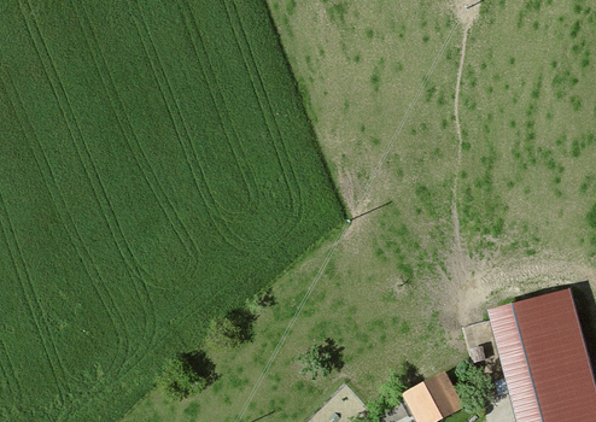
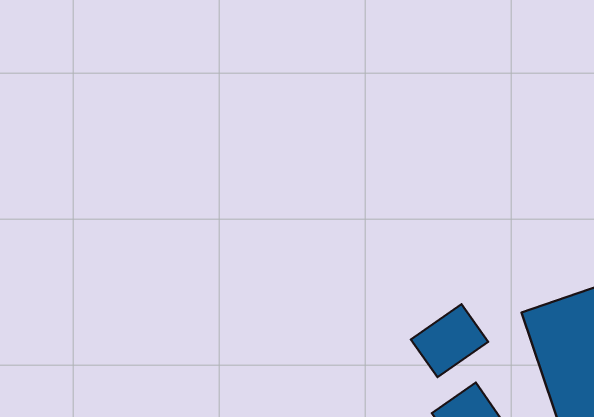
building: none -> [411,304,488,377]

